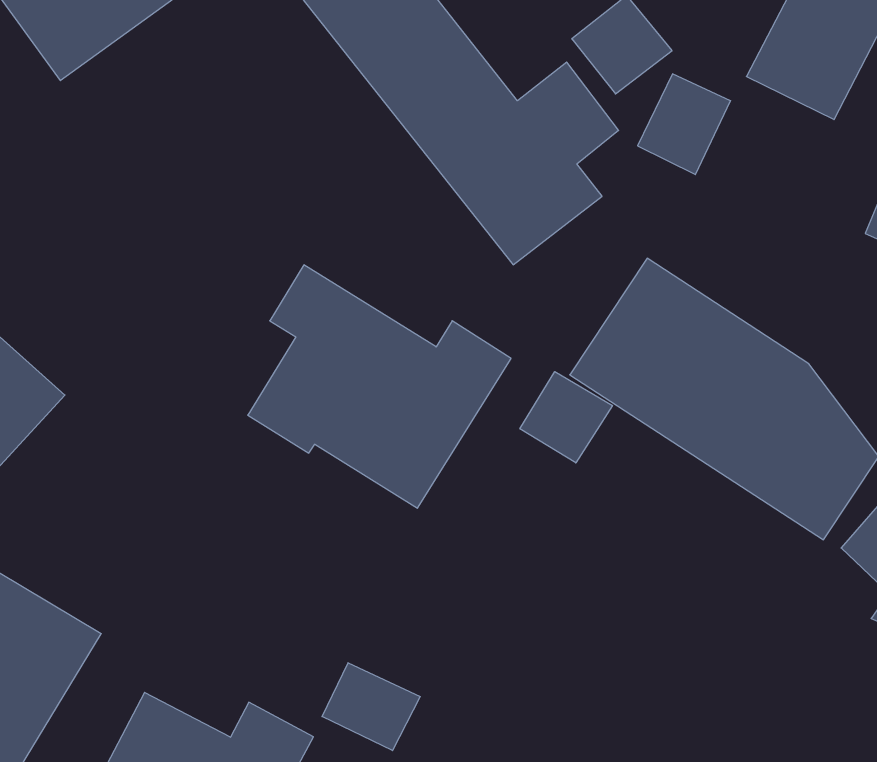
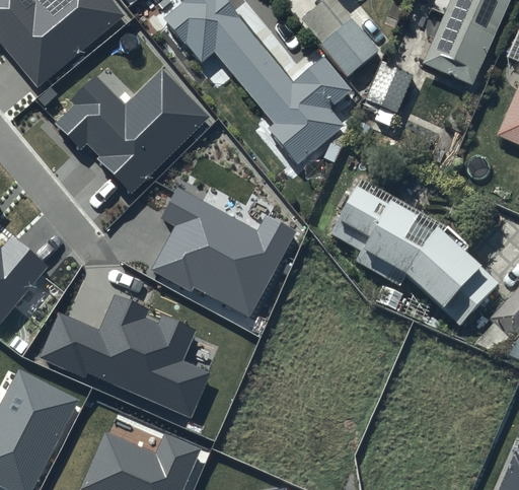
building: none -> [53,65,213,194]
building: [520,372,612,463] -> none
building: none -> [38,296,211,418]
building: [322,663,420,751] -> none

